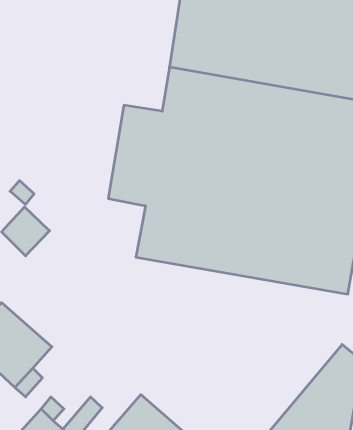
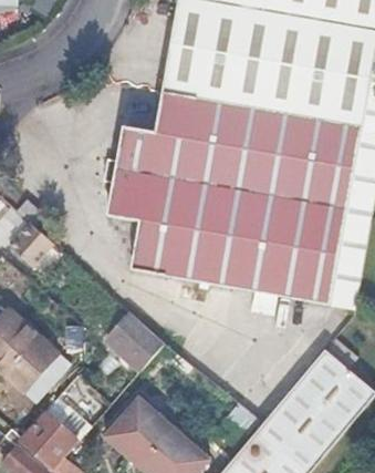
building: none -> [107,311,164,368]

